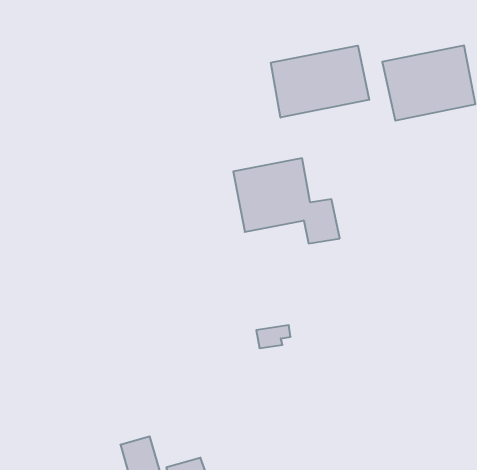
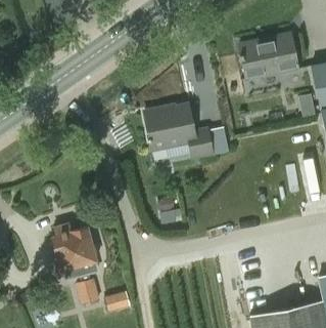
building: [271,46,369,118] -> none
building: none -> [52,222,97,279]

